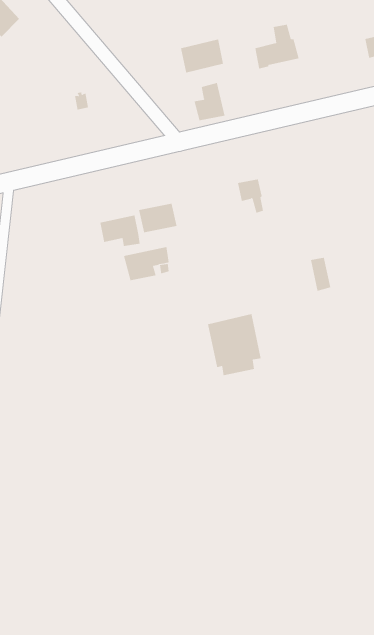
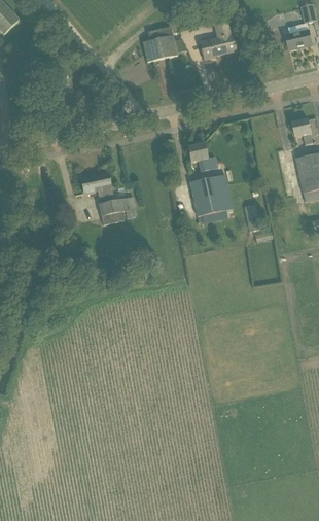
building: [194,82,225,121] -> none
building: [138,203,177,233] -> none
building: [207,314,261,376] -> [189,173,232,221]

